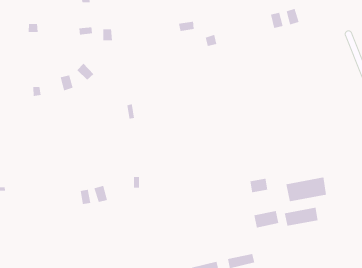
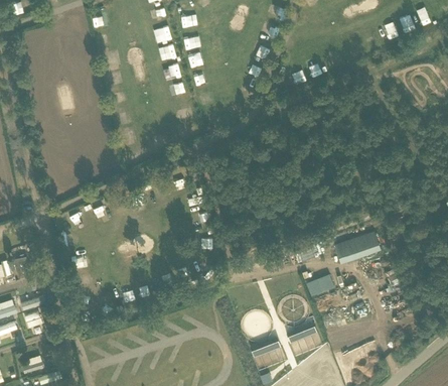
building: [284,207,318,226] -> none

